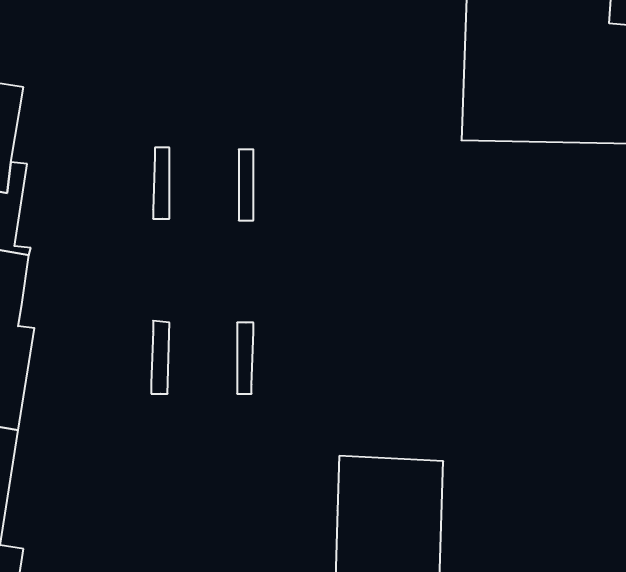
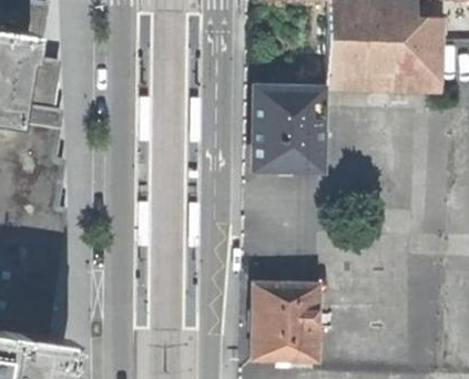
building: none -> [254,86,320,164]

